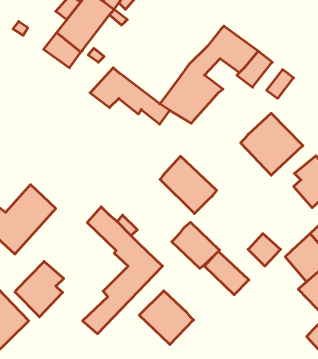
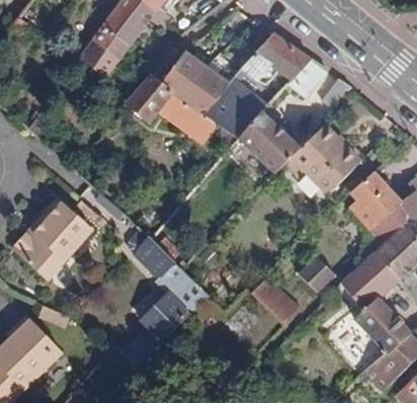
building: none -> [161,51,228,115]
building: [160,156,217,214] -> [239,111,301,174]
building: [172,222,220,268] -> none
building: [15,261,64,317] -> none
building: [139,291,194,345] -> none

